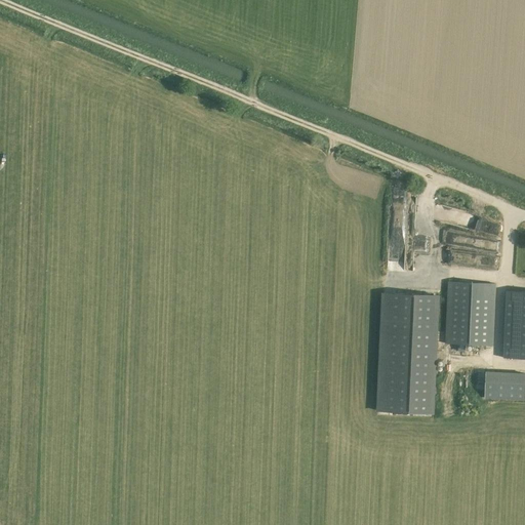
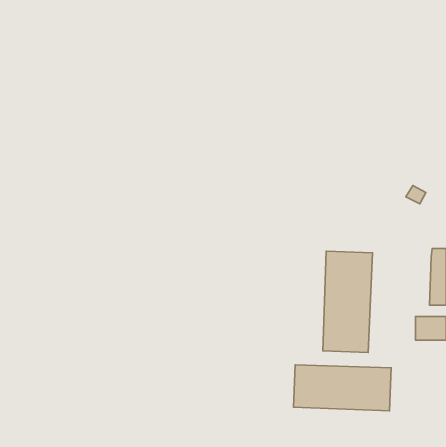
building: [445,283,494,347] -> none
building: none -> [293,365,391,411]

